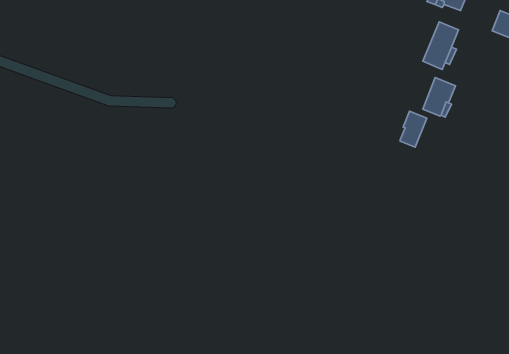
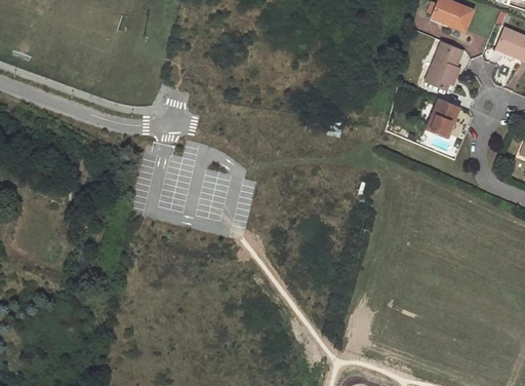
building: [400,111,427,147] -> none

